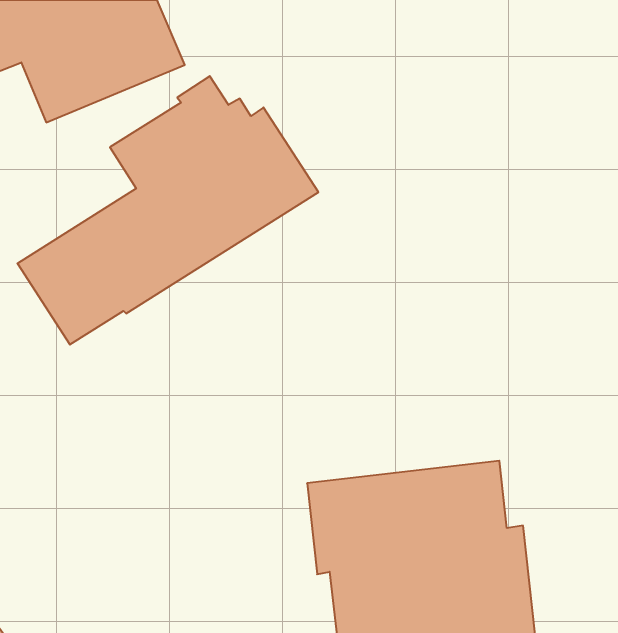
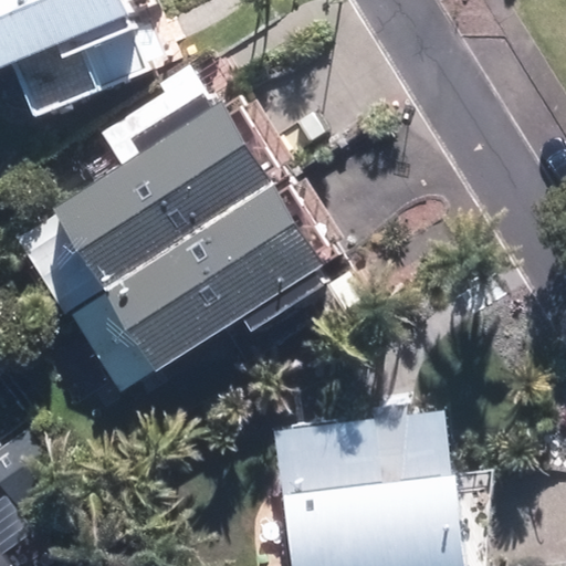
building: none -> [73,179,334,388]

